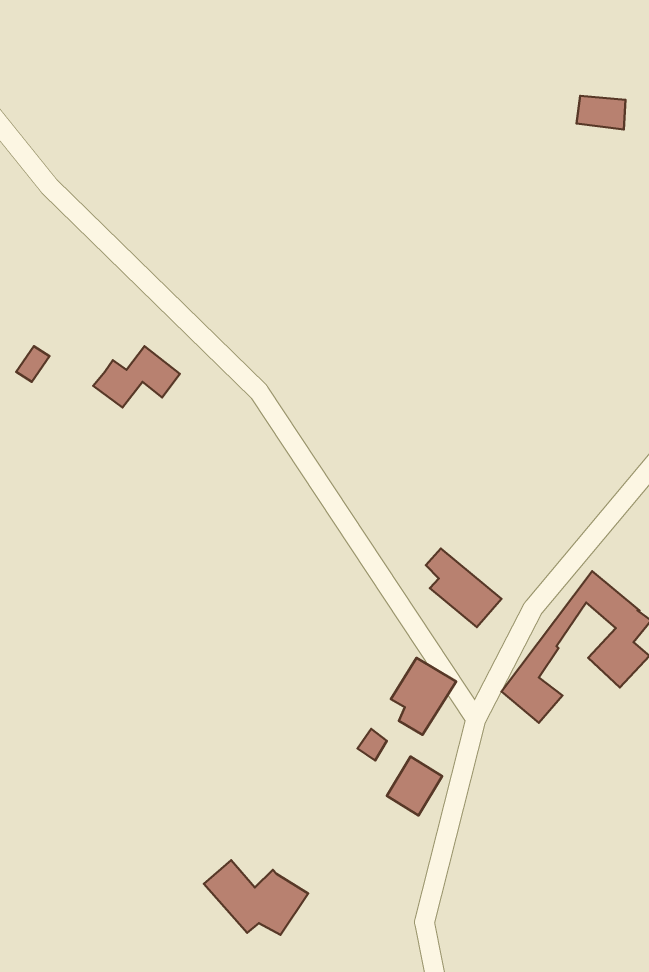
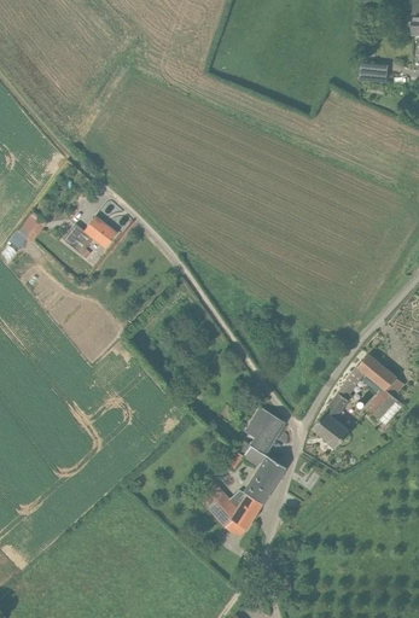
building: [426,549,502,627] -> none
building: [204,860,308,935] -> [198,483,262,529]

